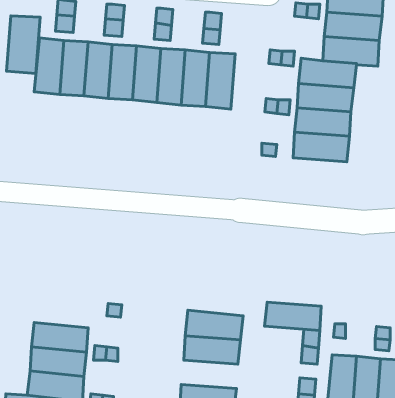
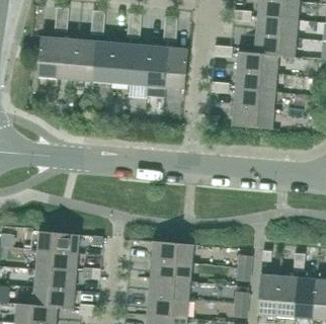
building: [7,16,40,74] -> none
building: none -> [37,231,80,253]
building: [265,302,321,330] -> [148,277,190,299]

